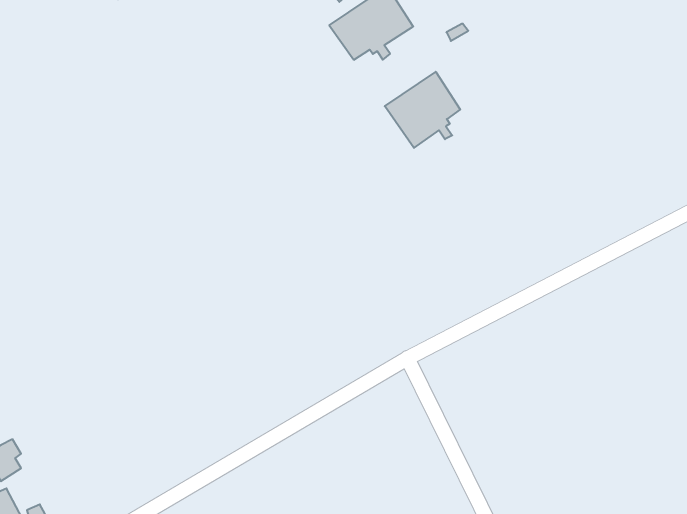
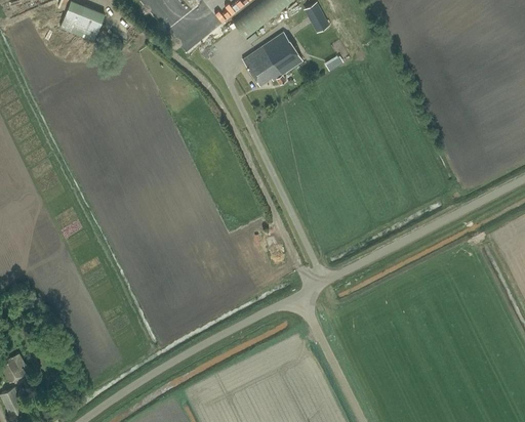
building: [385,72,460,148] -> none

